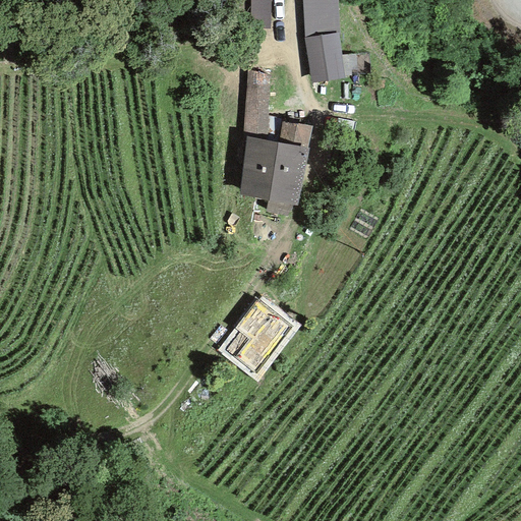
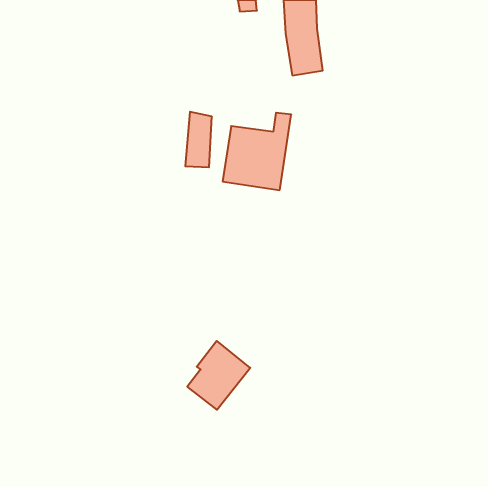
building: [242,69,271,128] -> [185,112,212,167]
building: [228,302,295,375] -> [187,341,250,410]

